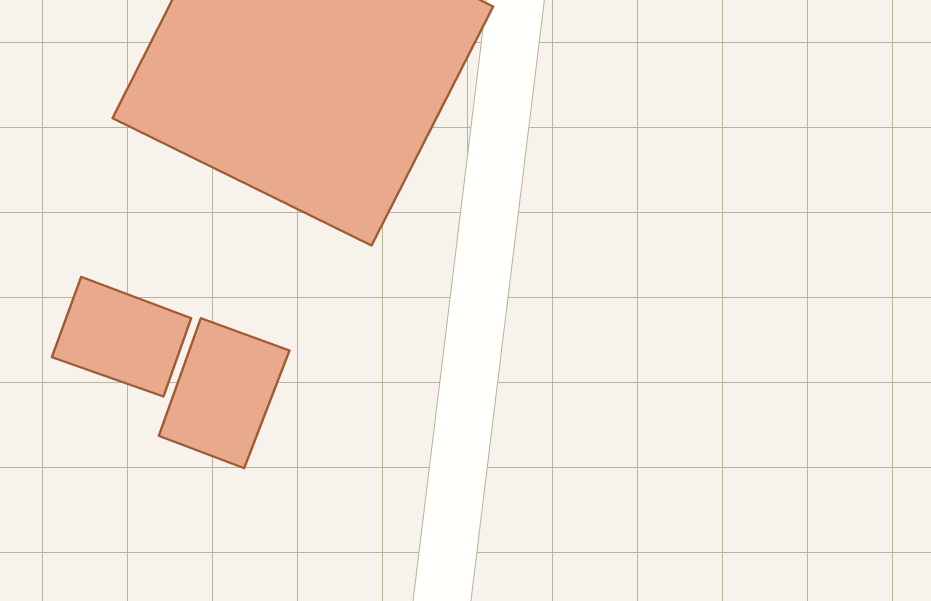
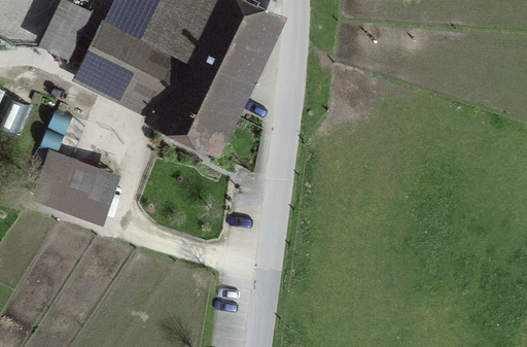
building: [159,318,289,468] -> none

